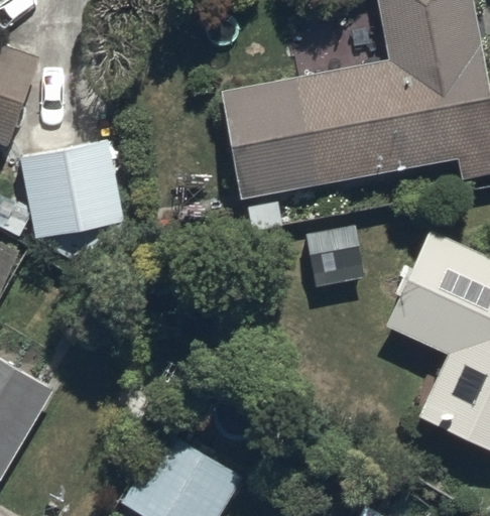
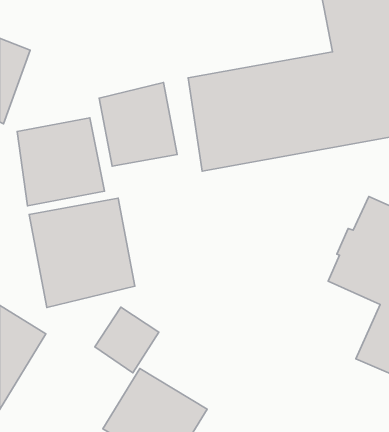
building: none -> [99,82,177,166]
building: none -> [29,198,135,308]

